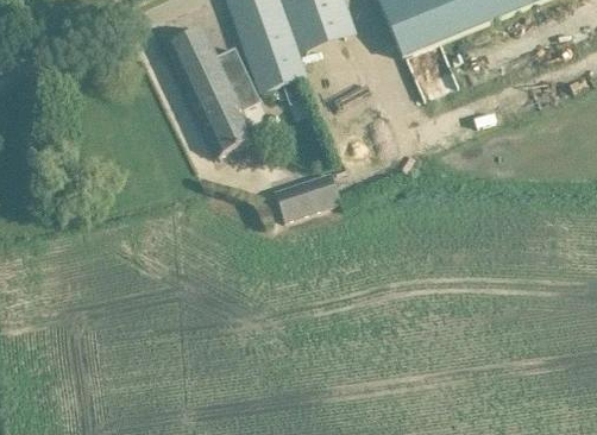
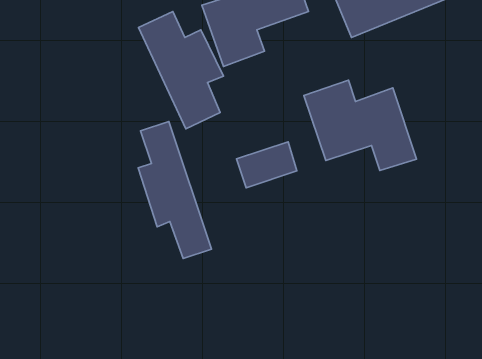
building: none -> [304,80,417,170]
building: none -> [138,121,211,259]

